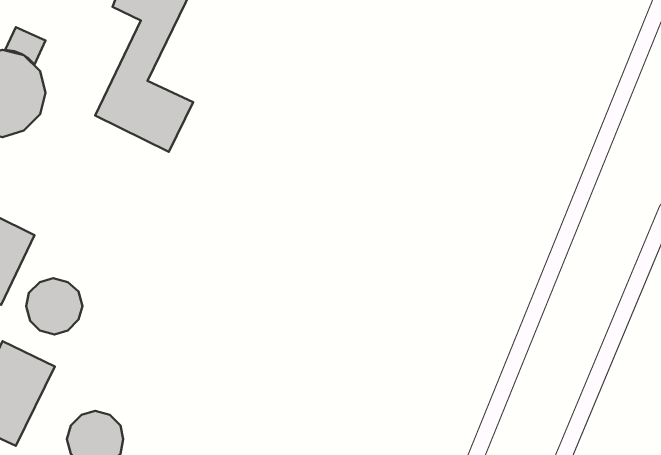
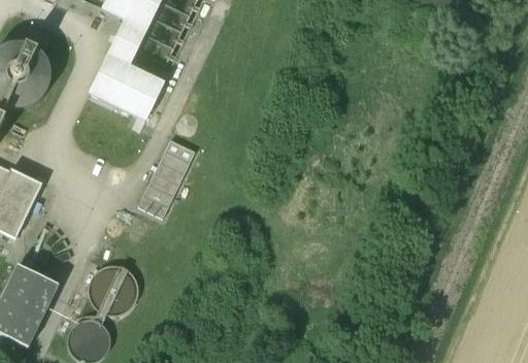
building: none -> [137,139,194,218]
building: [26,278,83,334] -> [91,268,134,311]

